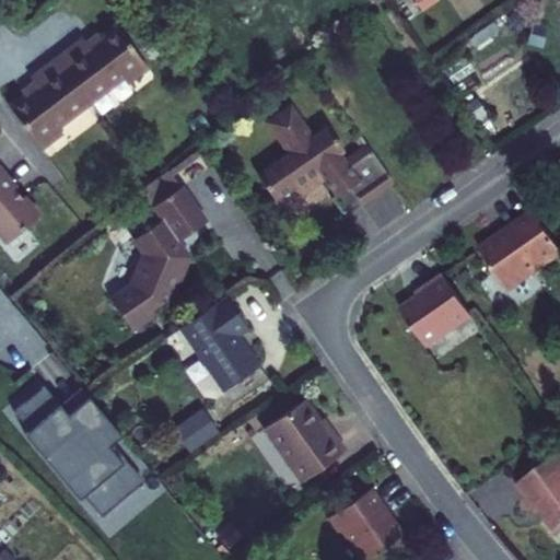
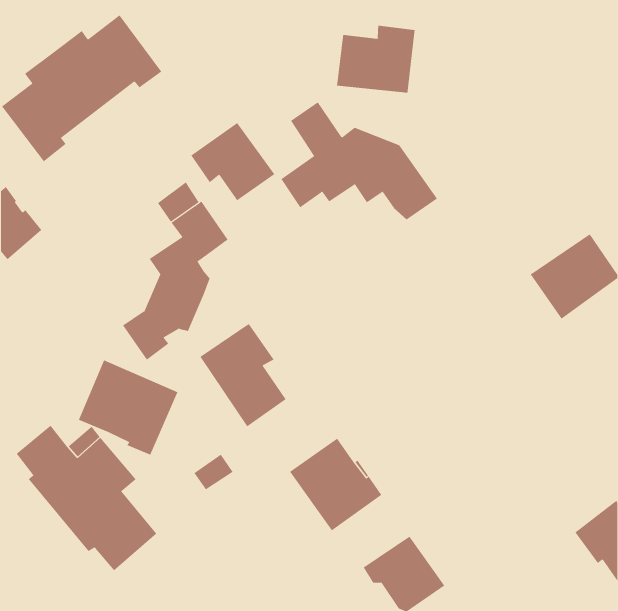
building: none -> [336,25,415,94]
building: none -> [191,122,275,201]
building: [401,278,474,350] -> none
building: none -> [78,360,178,456]

